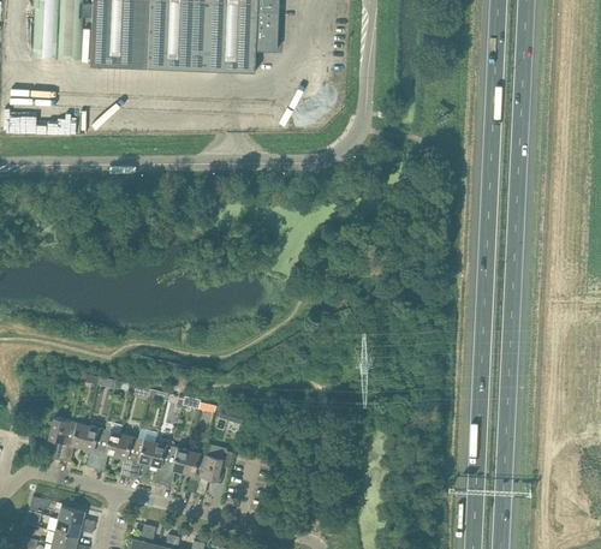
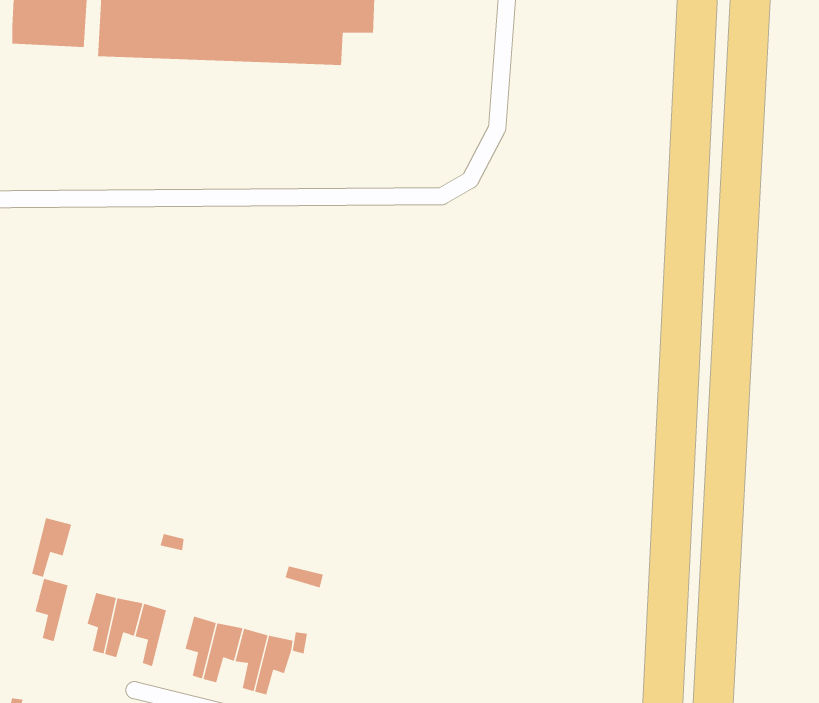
building: [61,420,89,461] -> [31,517,72,578]
building: [127,437,155,478] -> none

